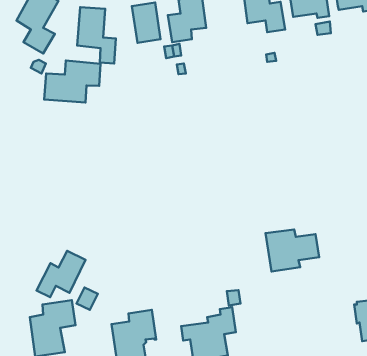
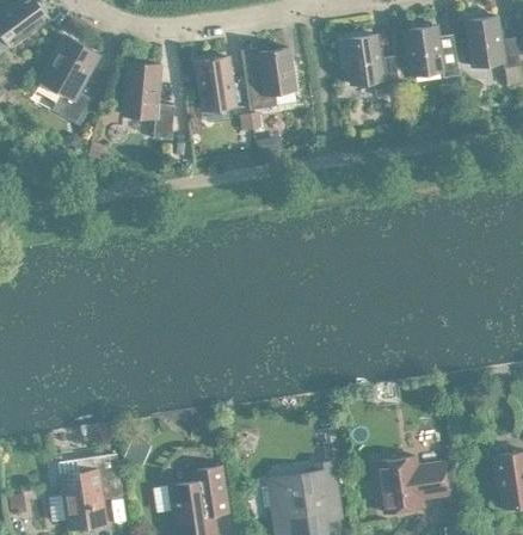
building: [44,60,101,102] -> none
building: [265,230,319,272] -> [376,456,448,512]
building: [36,251,85,297] -> none

